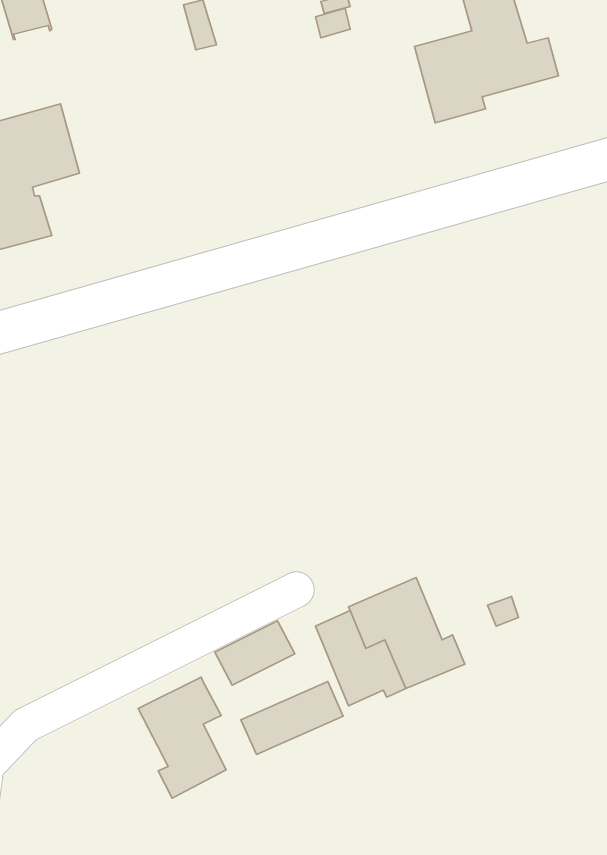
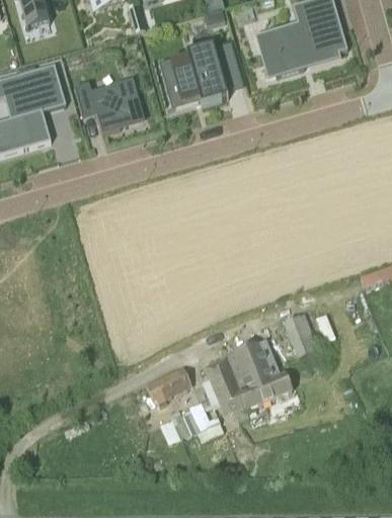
building: none -> [169,44,227,104]
building: none -> [73,78,138,133]
building: none -> [283,313,319,357]
building: [138,677,226,798] -> none

